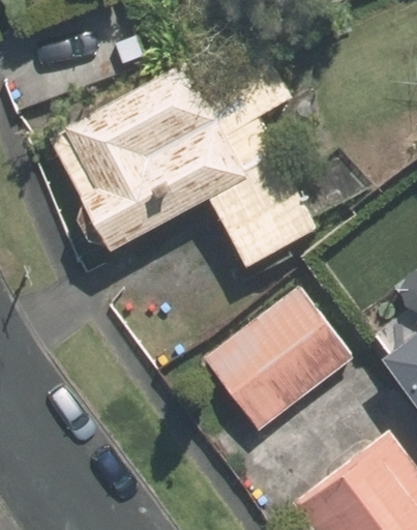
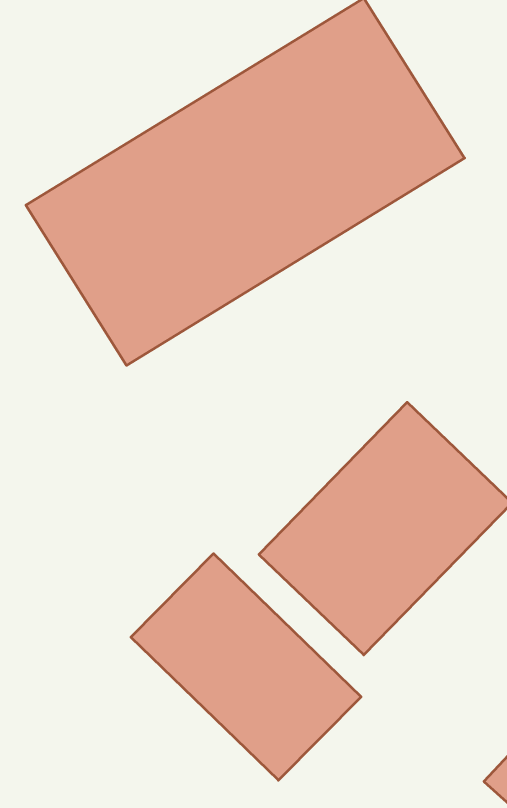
building: none -> [131,554,361,780]

